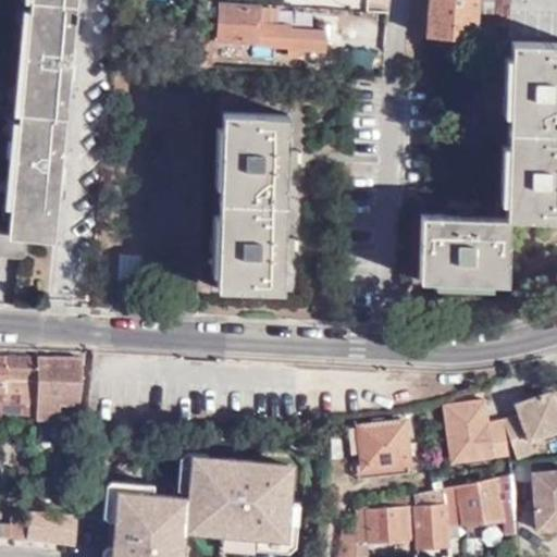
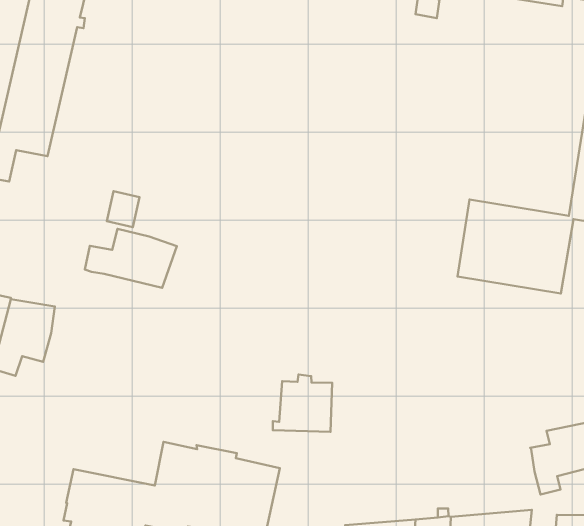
building: [218,115,289,296] -> none
building: none -> [85,229,177,288]
building: [442,401,507,462] -> none
building: [356,420,406,470] -> [273,374,332,432]

